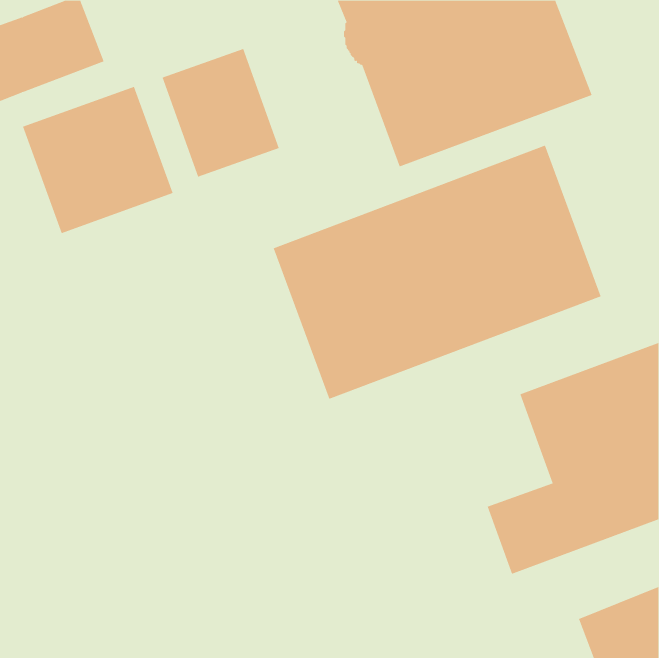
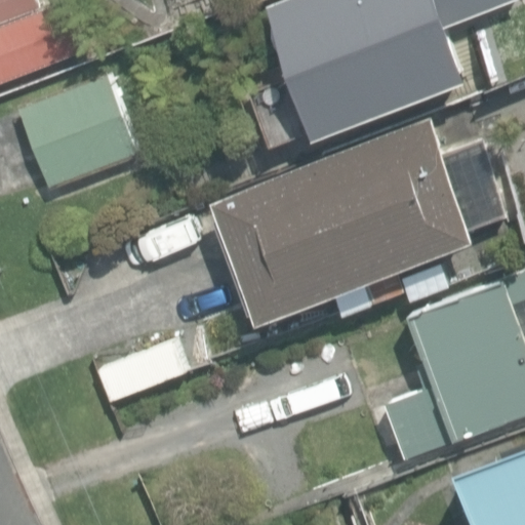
building: [162,48,280,177] -> none

